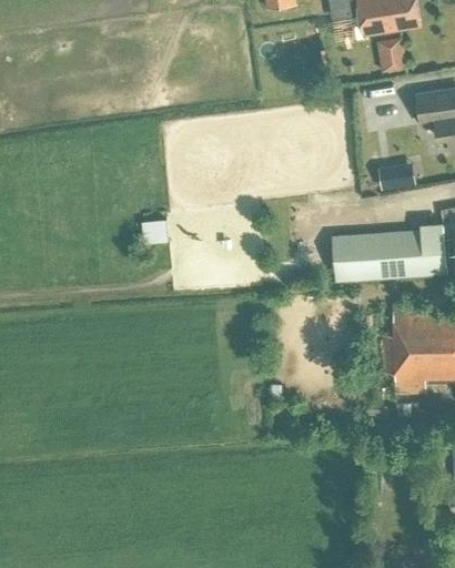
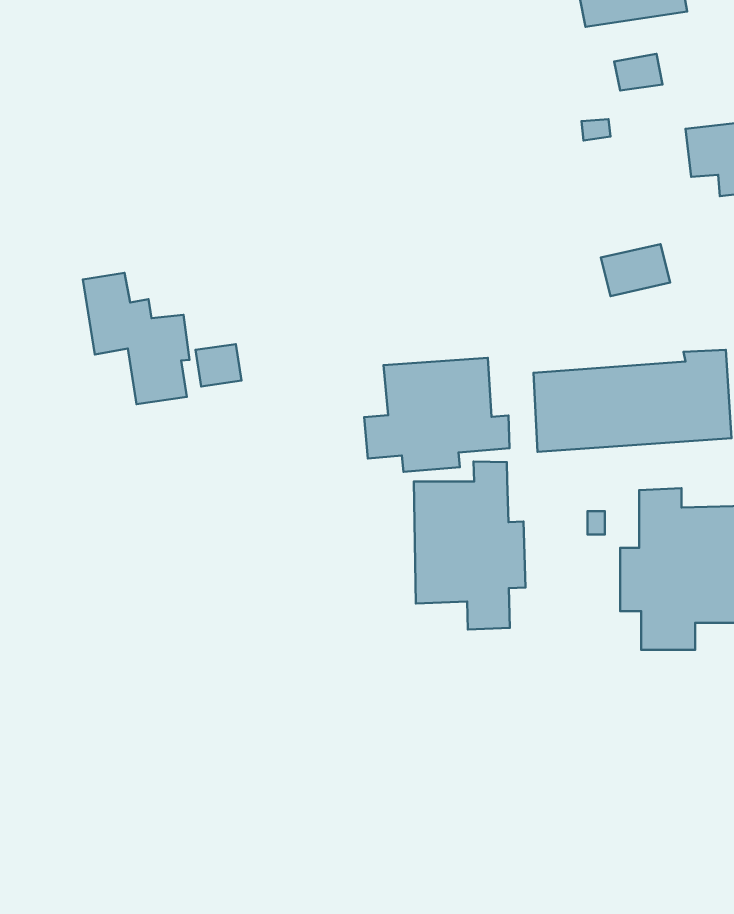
building: none -> [83,273,190,404]
building: none -> [364,358,510,472]
building: none -> [414,461,525,630]

